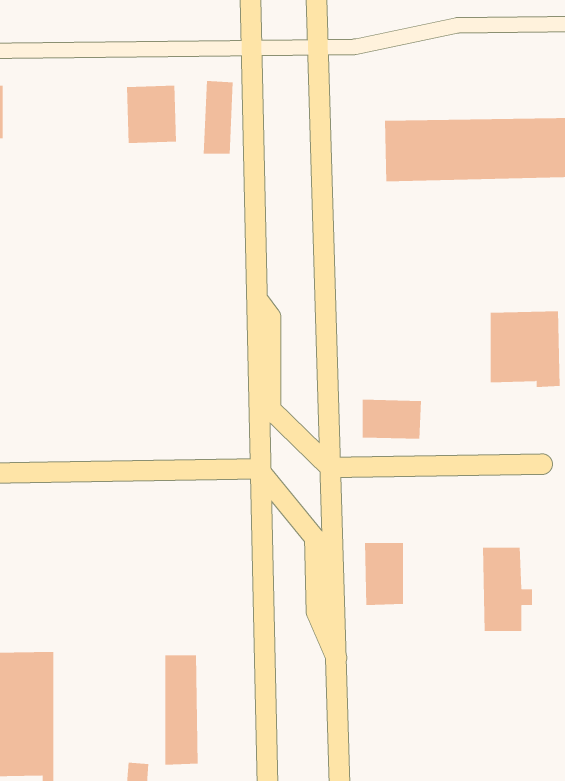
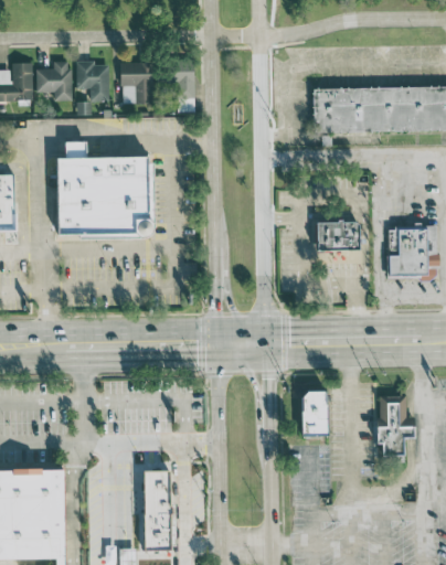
building: none -> [74,60,108,100]
building: none -> [34,61,70,100]
building: none -> [61,141,157,235]
building: [362,399,422,439] -> [307,221,350,249]

